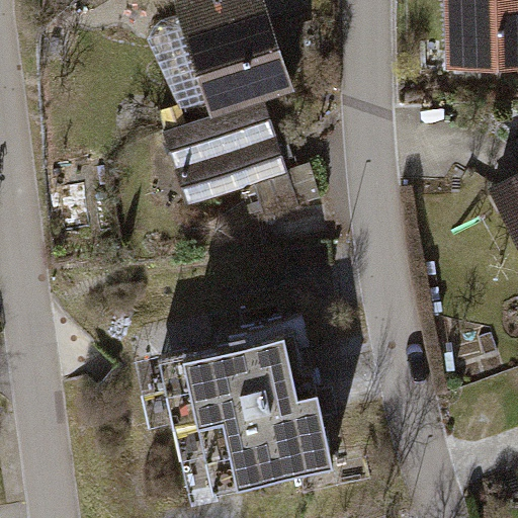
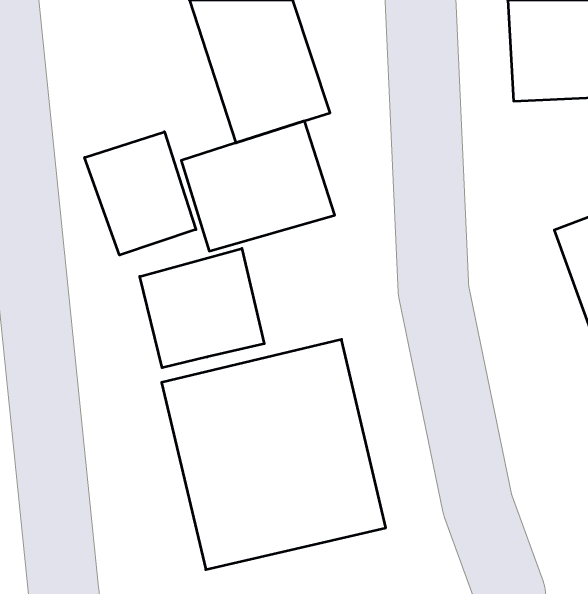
building: none -> [85,132,196,255]
building: none -> [140,248,264,368]

